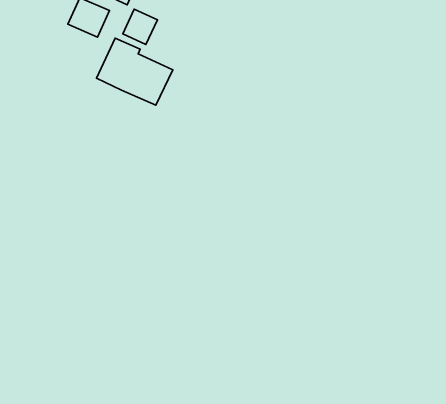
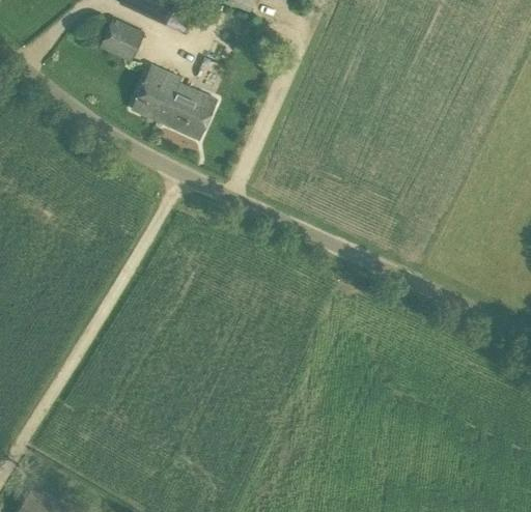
building: [123,9,157,45] -> none

